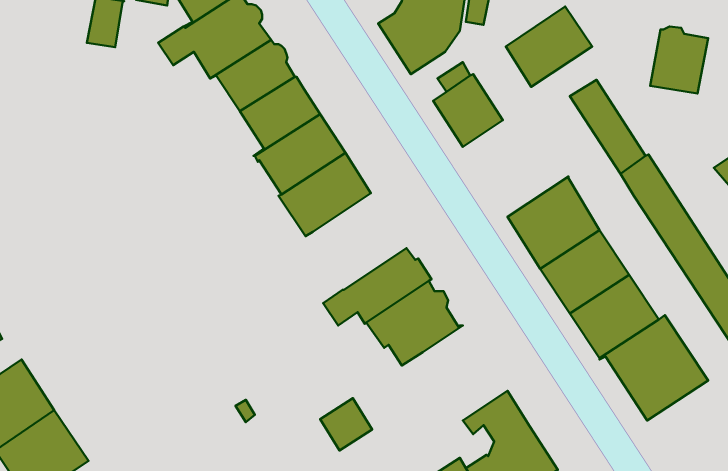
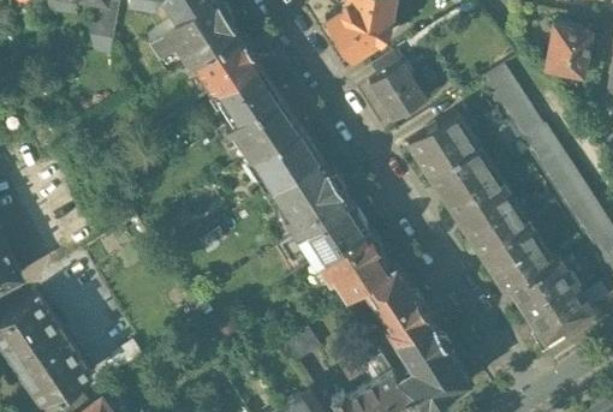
building: [506,6,592,87] -> [411,114,481,179]
building: none -> [274,160,350,238]
building: none -> [363,267,432,344]

